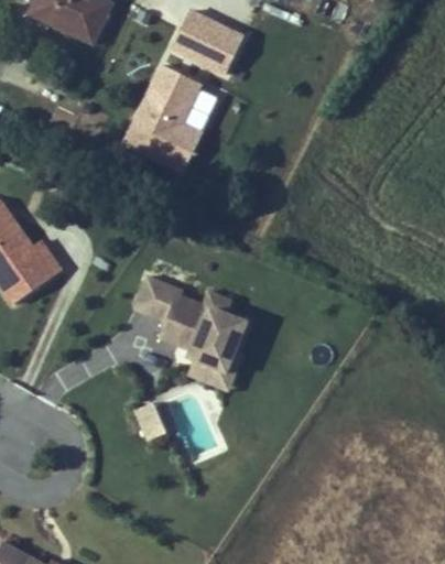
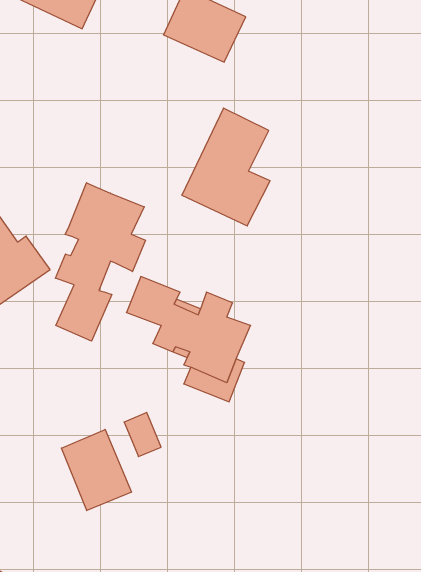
building: [121,65,203,174] -> [182,108,270,226]
building: none -> [55,183,146,341]
building: none -> [61,429,132,511]

